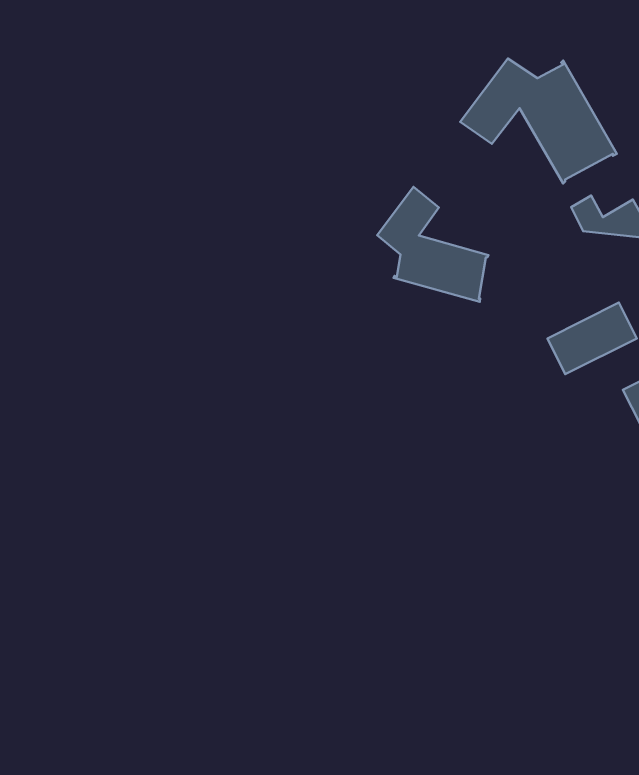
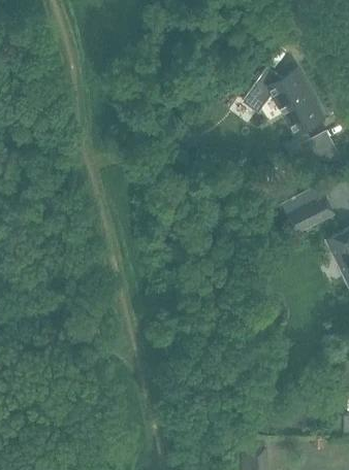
building: [377,187,488,302] -> none

